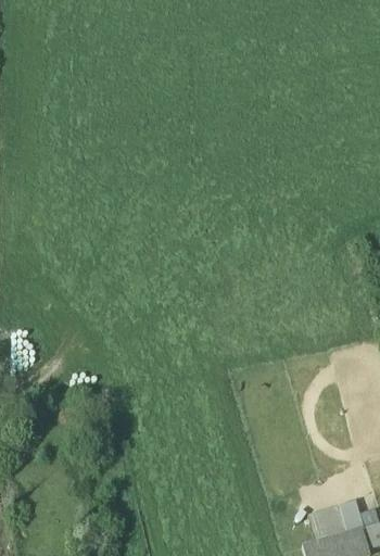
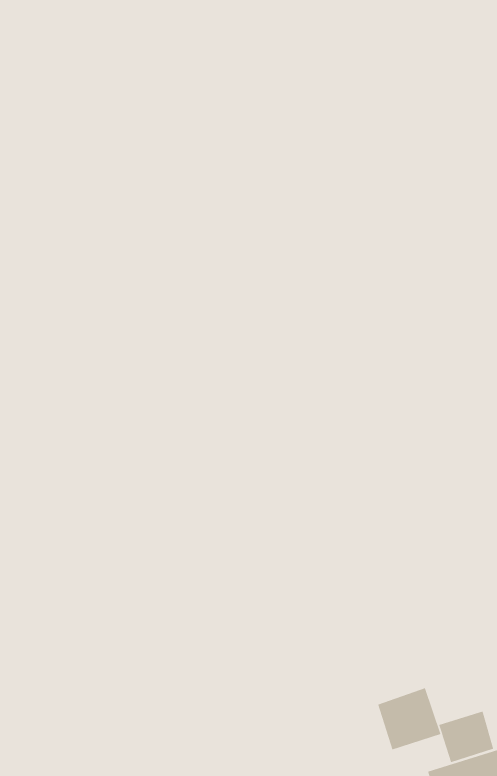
building: none -> [377,687,441,750]

